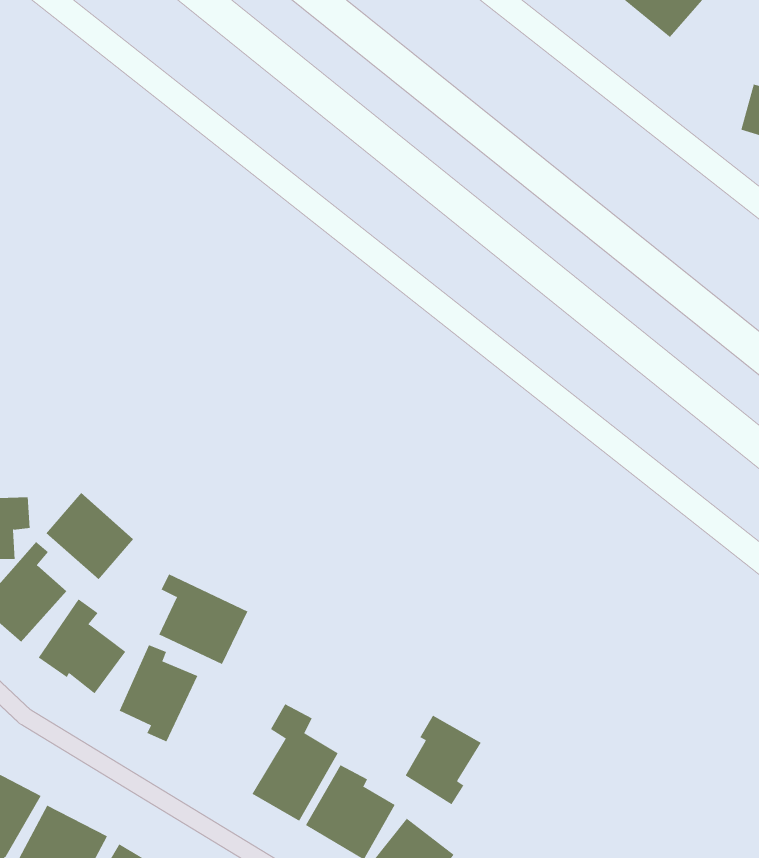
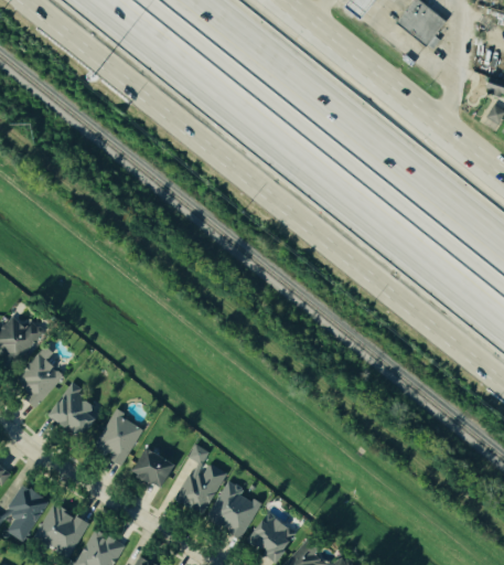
building: [46,492,134,580] -> none
building: [158,574,248,665] -> none
building: none -> [130,448,174,488]
building: [405,715,481,805] -> none

